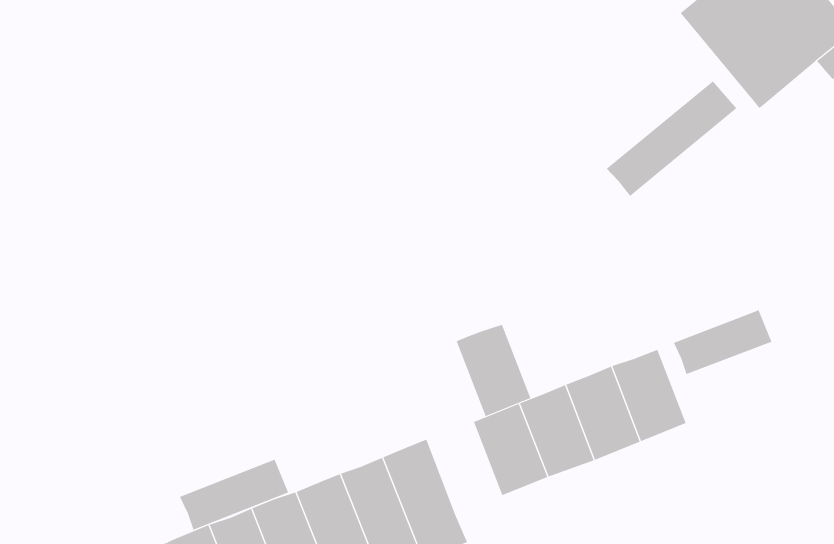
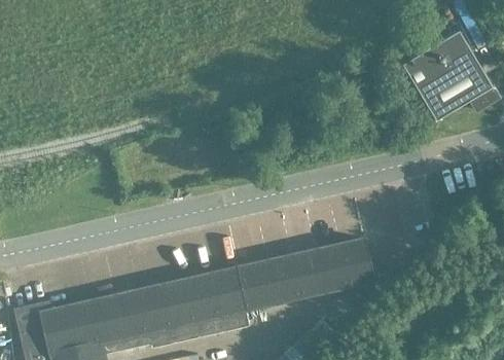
building: [606,80,737,197] -> none
building: [673,310,772,375] -> none
building: [456,324,531,417] -> [237,261,272,309]
building: [179,459,289,531] -> none

